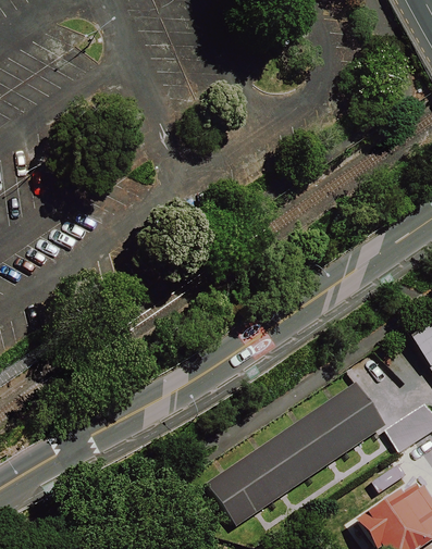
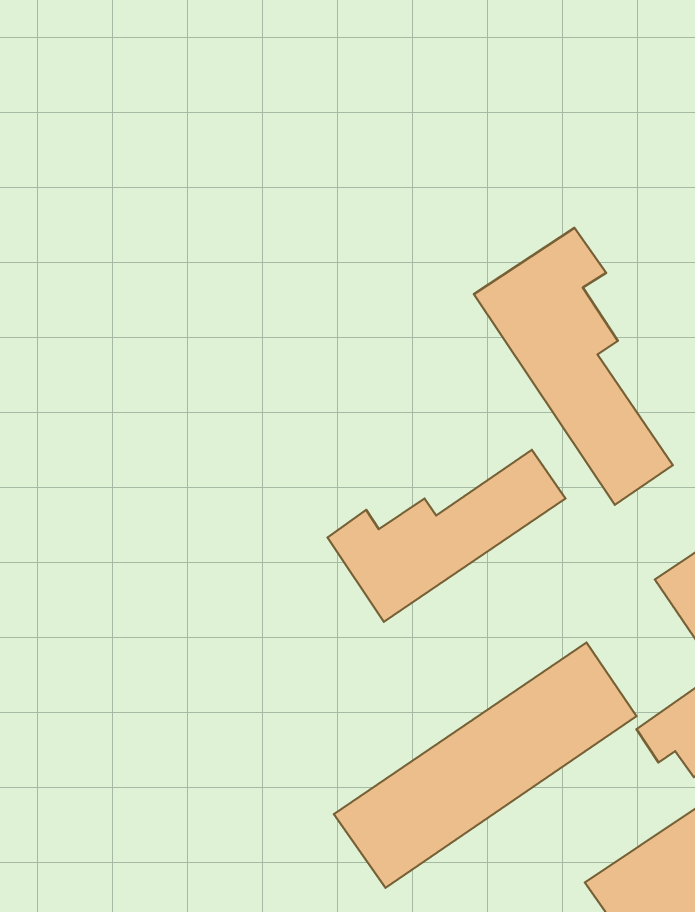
building: none -> [474,228,673,505]
building: none -> [327,450,565,622]

